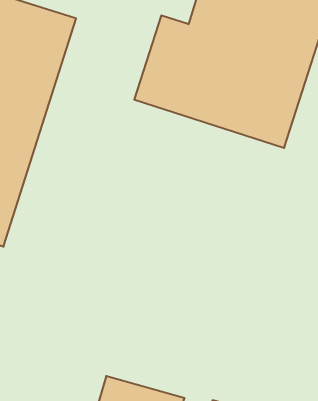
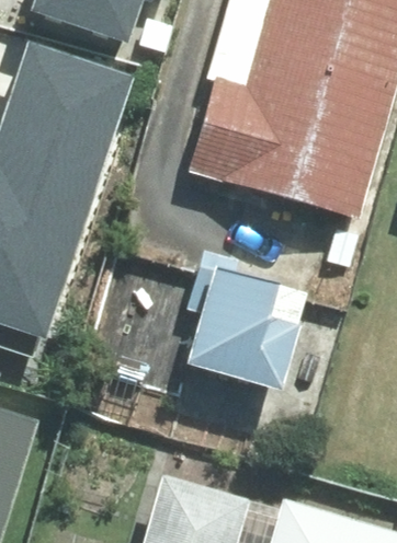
building: none -> [190,265,314,389]

